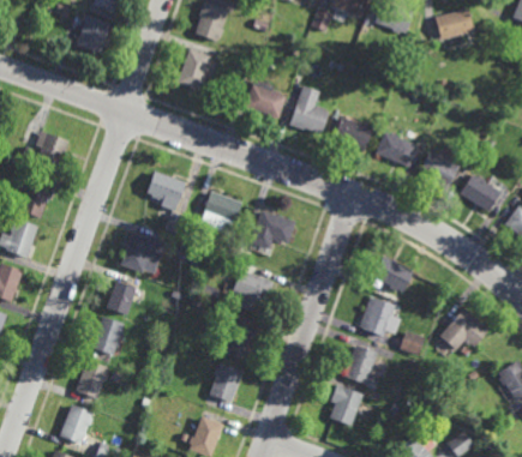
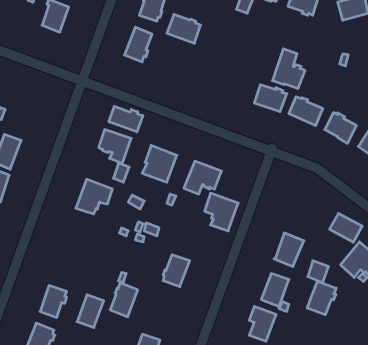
building: [246,83,287,118] -> [167,14,201,43]
building: [290,85,330,133] -> [272,49,305,88]
building: [36,130,70,172] -> none
building: none -> [109,106,143,132]
building: [373,255,413,290] -> [330,213,362,242]
building: [233,269,274,314] -> [205,193,238,231]
building: [104,279,134,314] -> none
building: [90,315,122,355] -> [77,295,104,328]
building: none -> [307,281,336,315]
building: [208,362,241,403] -> [110,283,138,317]

